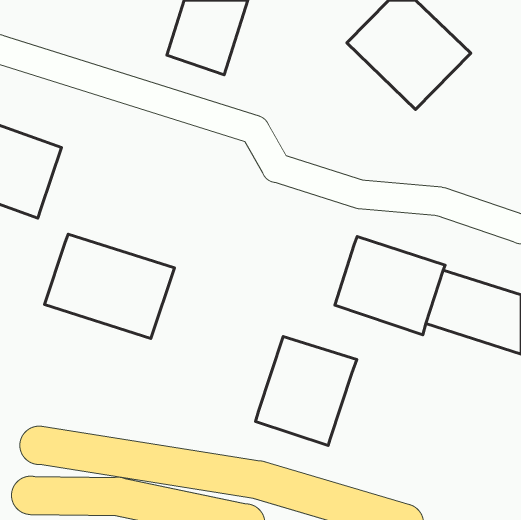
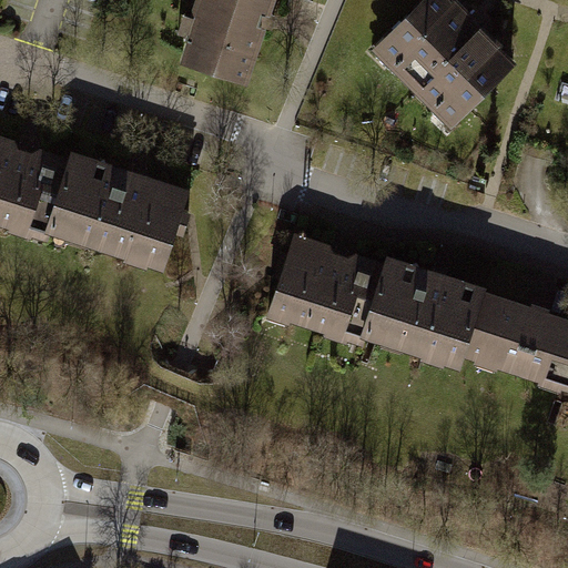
building: none -> [268,239,384,344]
building: [44,234,174,338] -> [44,153,185,266]
building: [255,337,357,446] -> none

